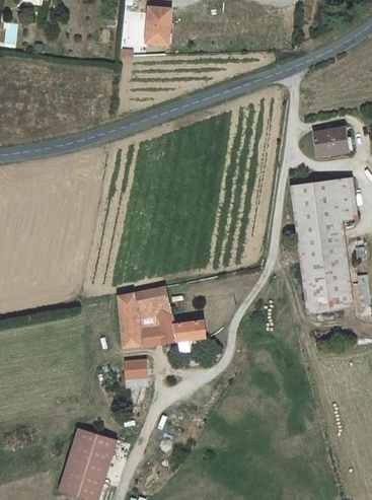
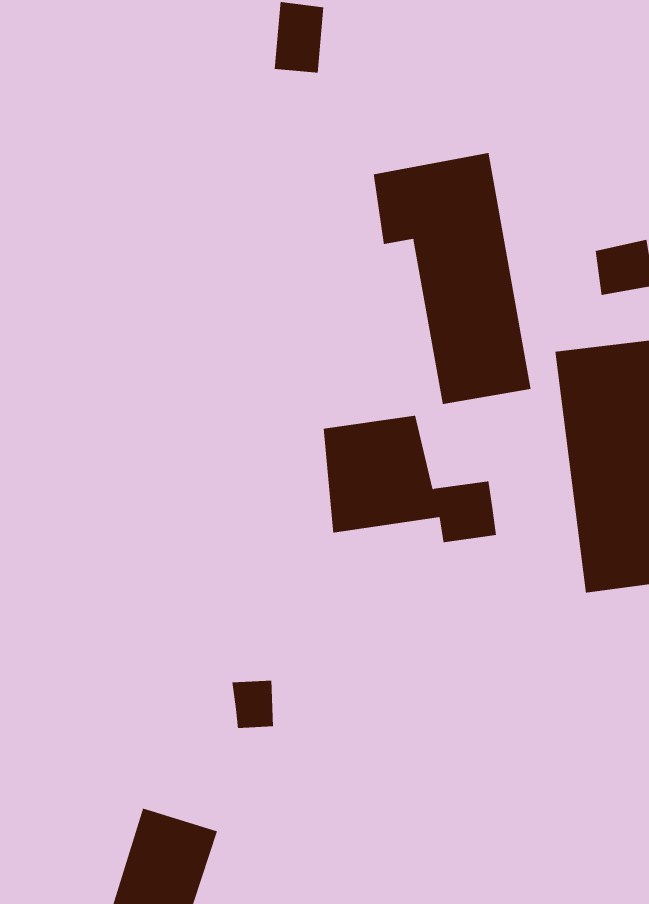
building: none -> [373,152,531,405]
building: [117,285,208,352] -> [323,415,497,543]

